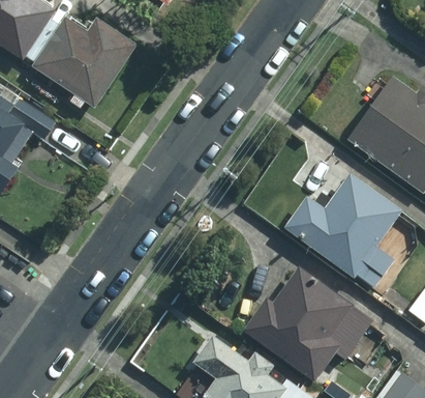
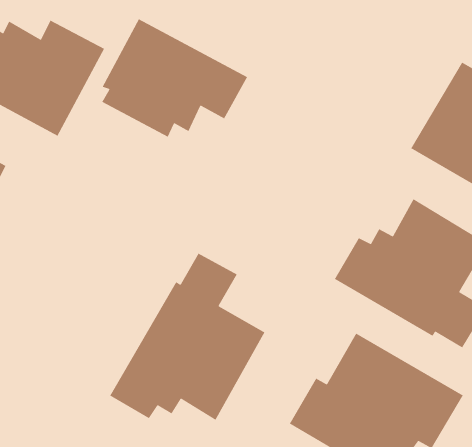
building: none -> [101,18,248,138]
building: none -> [109,252,266,421]

